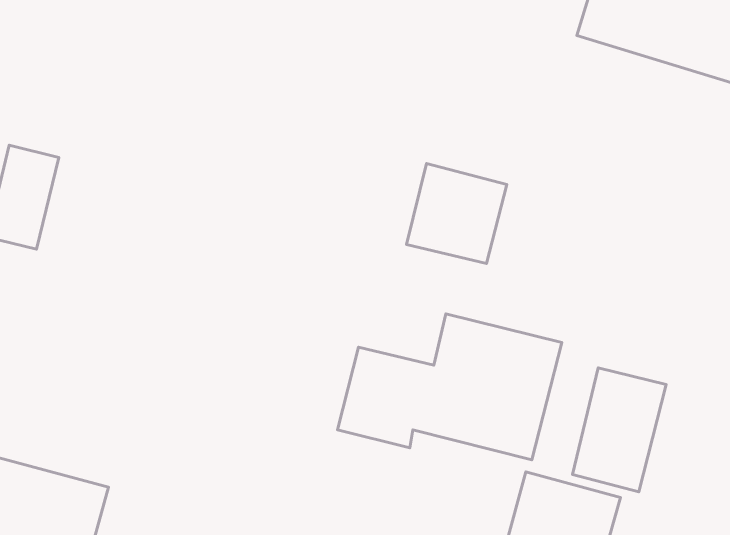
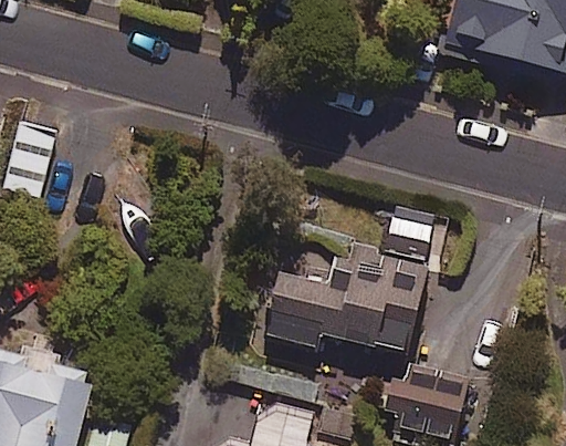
building: [407,163,507,263] -> none
building: [572,368,666,492] -> none

